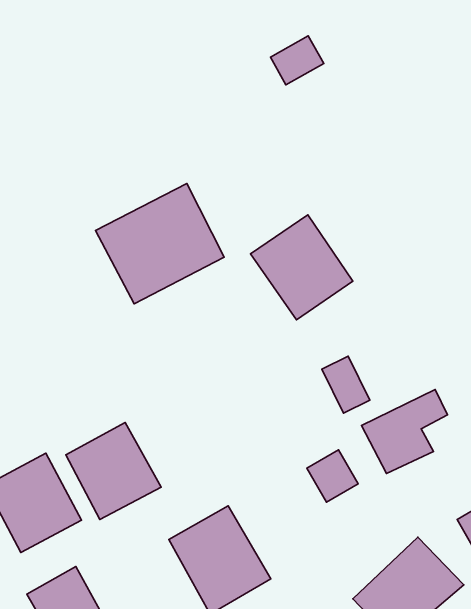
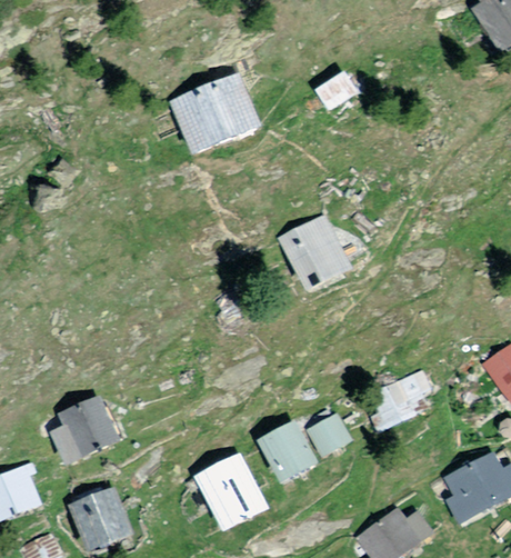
building: [96,184,224,304] -> [164,69,271,167]
building: [322,356,370,413] -> none
building: [66,423,161,520] -> none
building: none -> [253,420,315,487]

